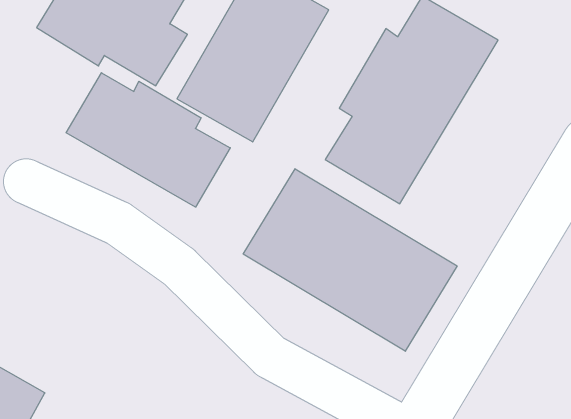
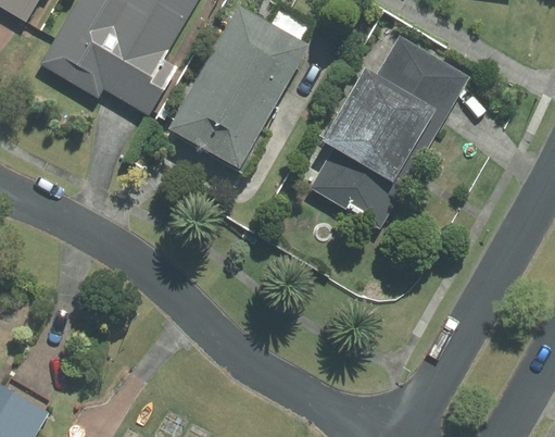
building: [66,73,230,207] -> none
building: [243,169,457,351] -> none

